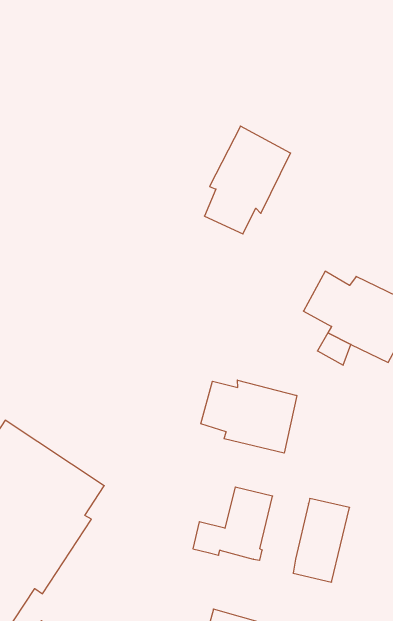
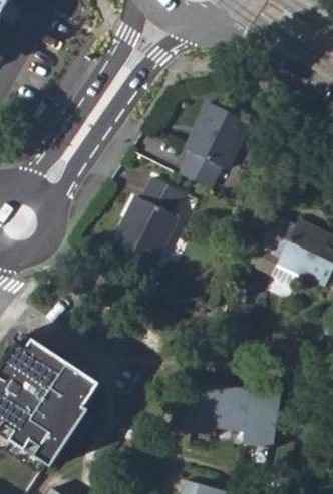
building: none -> [110,178,180,263]
building: [201,380,297,453] -> none
building: none -> [222,391,260,440]

